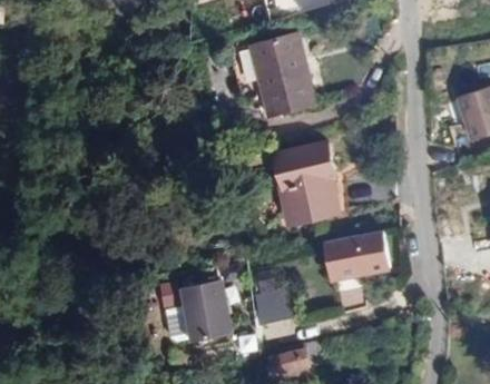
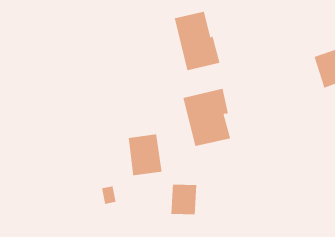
building: [320,230,392,284] -> none
building: [184,280,232,339] -> [128,134,162,176]

